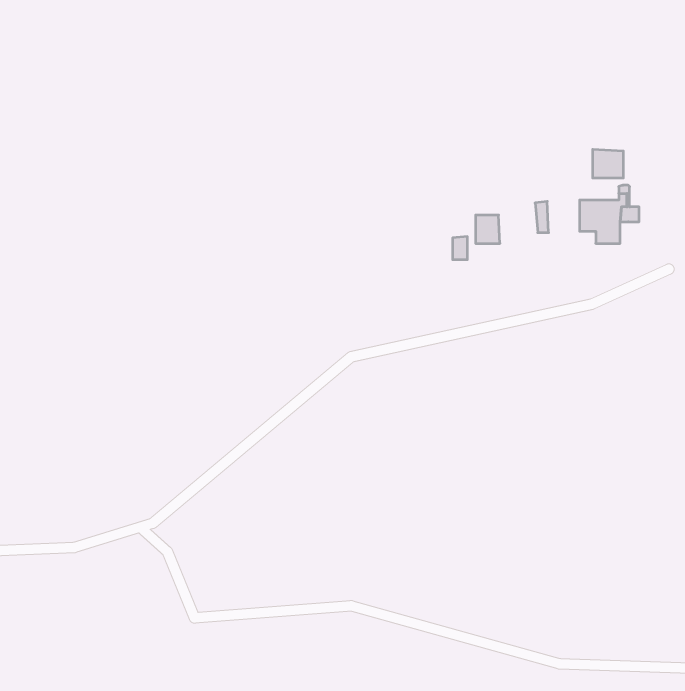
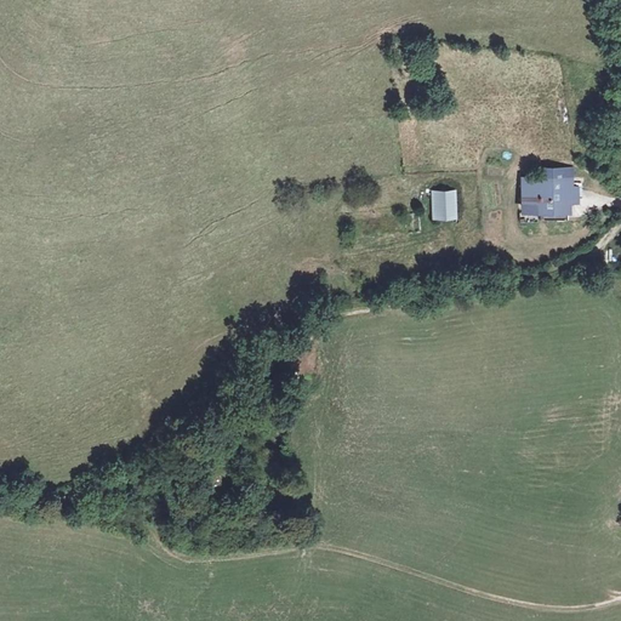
building: [593,149,623,178] -> none

